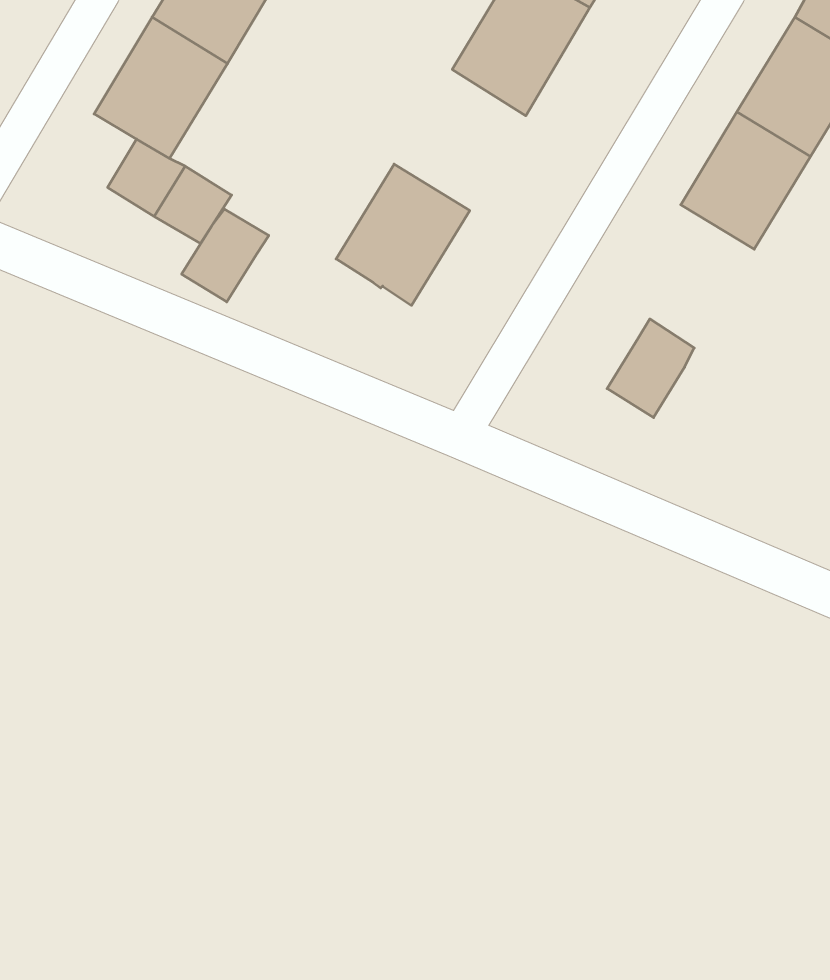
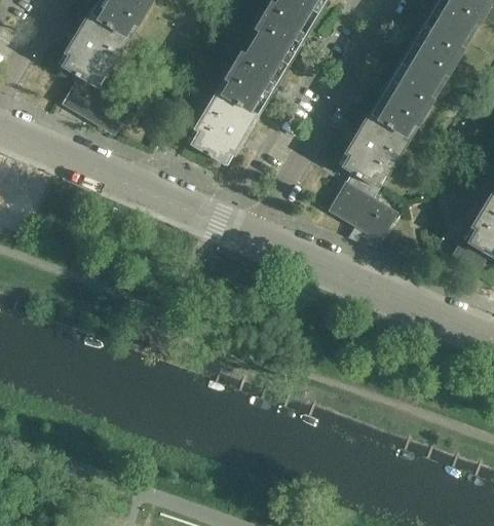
building: none -> [218,40,288,115]
building: none -> [339,112,409,188]
building: [182,209,269,302] -> none
building: none -> [355,198,396,239]

